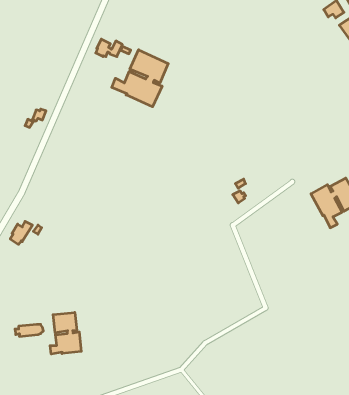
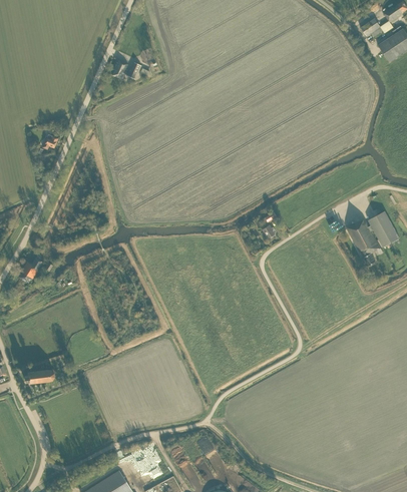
building: [112,50,168,107] -> none
building: [50,312,81,354] -> none

